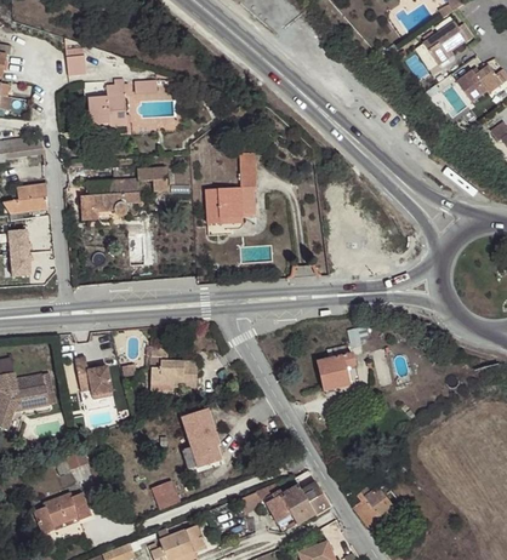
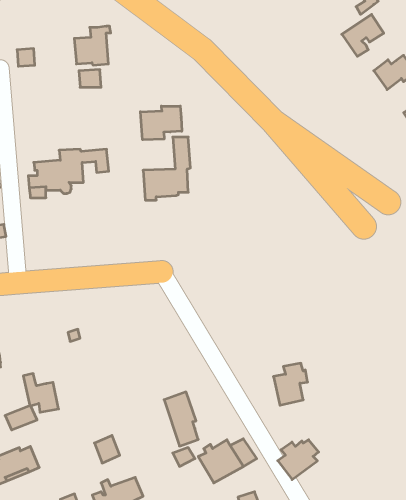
building: [89,84,129,126] -> [74,26,111,65]
building: none -> [140,106,182,140]
building: [317,345,354,392] -> [273,363,308,405]
building: [150,347,198,388] -> none
building: [74,356,113,399] -> [23,374,59,412]
building: [182,408,220,468] -> [164,392,198,446]

